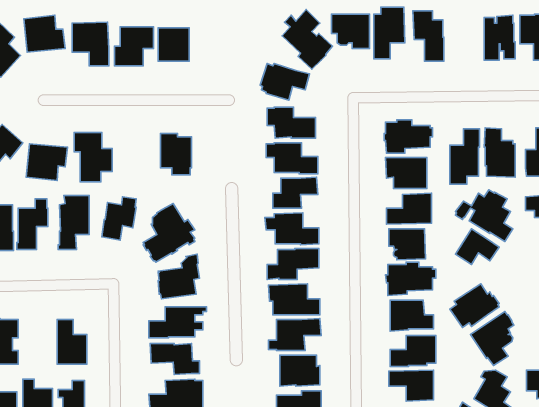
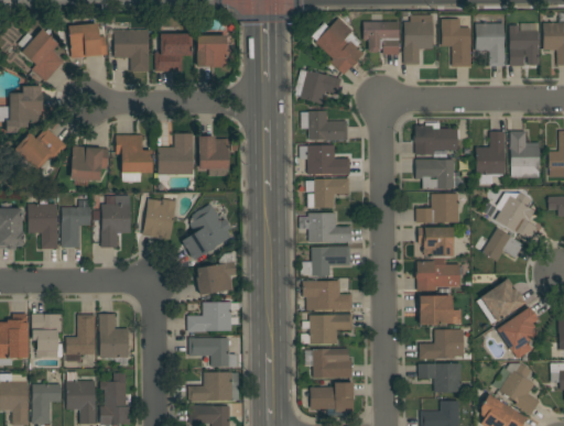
building: none -> [475,17,505,67]
building: none -> [158,134,193,182]
building: none -> [66,315,95,354]

